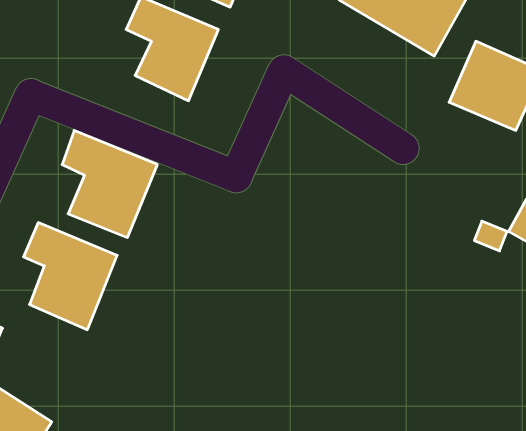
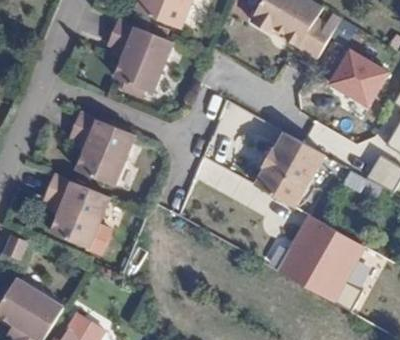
building: none -> [258,137,325,208]
building: none -> [280,220,368,306]

